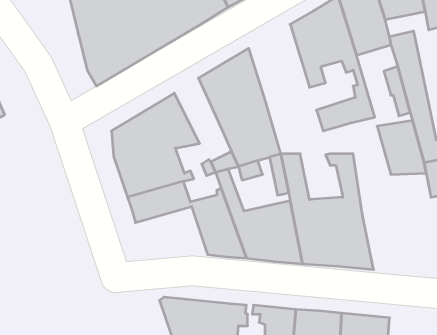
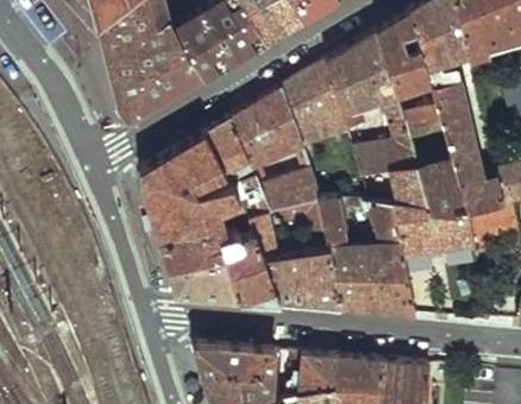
building: none -> [285,62,349,143]
building: none -> [208,118,259,185]
building: none -> [391,158,475,258]
building: none -> [168,251,243,301]

